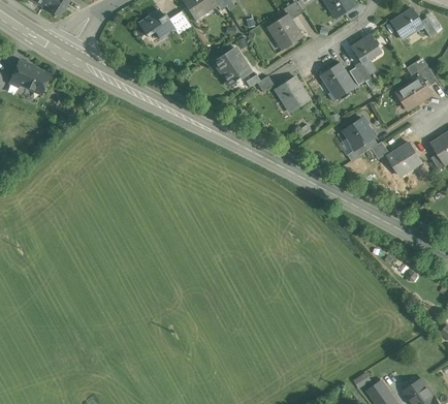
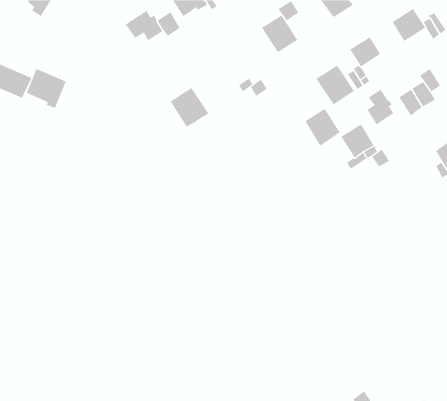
building: [213,48,250,86] -> [170,87,209,128]
building: none -> [26,68,66,109]
building: [275,76,309,113] -> [304,108,340,146]
building: none -> [367,89,394,125]
building: [387,143,422,177] -> none

